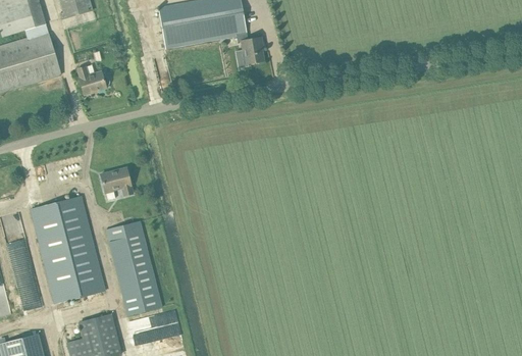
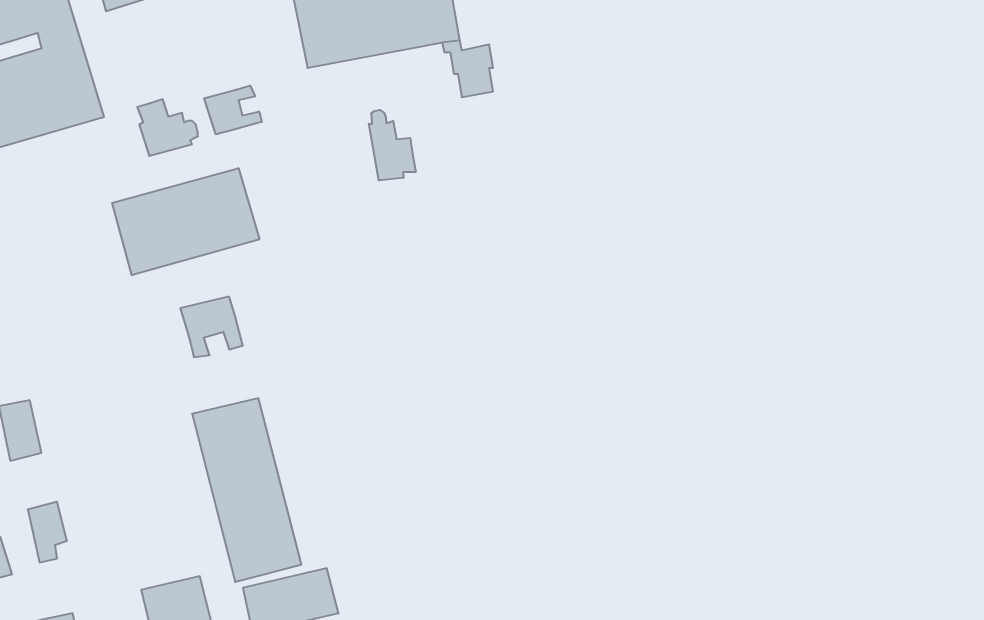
building: none -> [204,85,262,134]
building: none -> [369,110,416,181]
building: none -> [112,168,259,275]
building: [31,196,104,303] -> none

